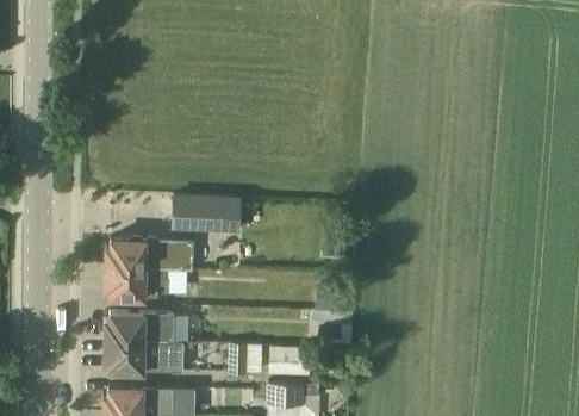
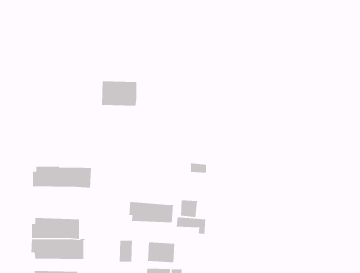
building: [173,197,224,232] -> [101,81,137,106]
building: [106,268,168,298] -> none
building: none -> [129,201,174,223]

